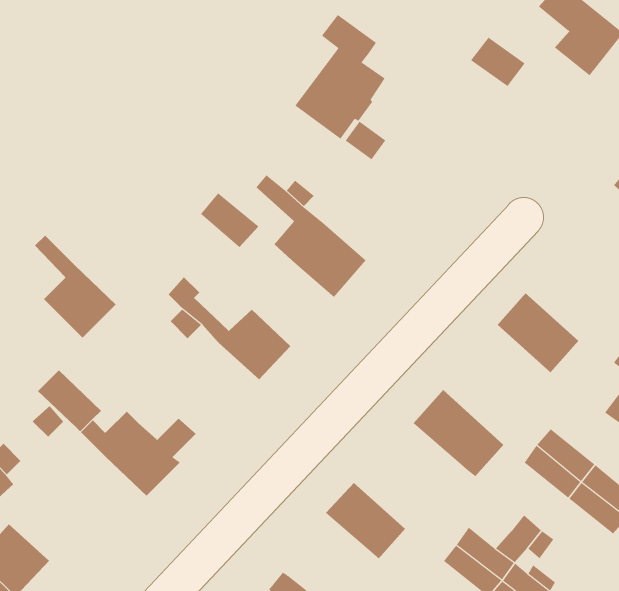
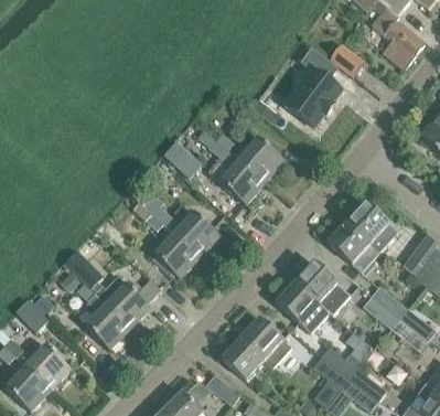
building: [294,14,386,139] -> [286,49,342,126]
building: none -> [239,138,285,182]
building: [34,235,117,338] -> [79,285,130,349]
building: none -> [328,222,379,271]
building: none -> [153,233,200,278]
building: none -> [277,282,329,332]
building: none -> [223,338,273,378]

